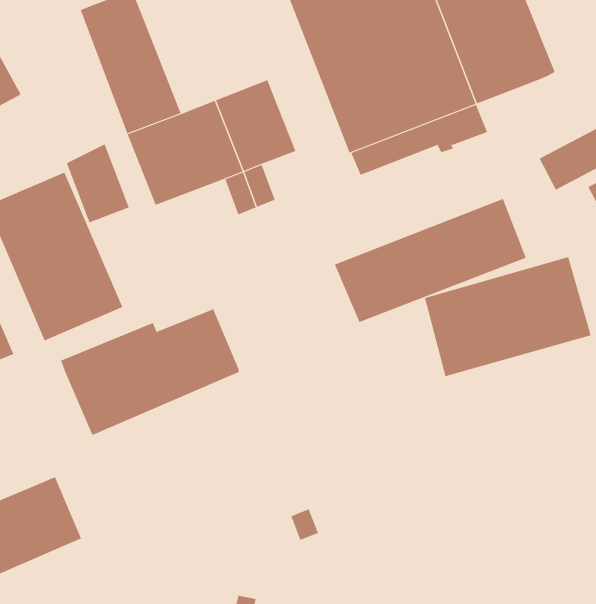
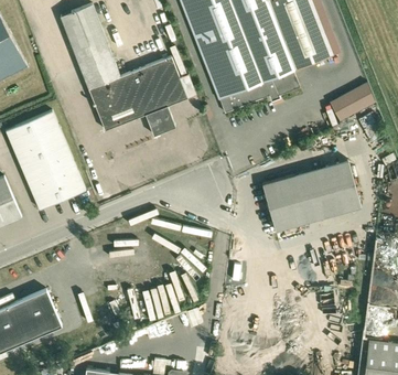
building: [66,144,129,223] -> none
building: [334,198,526,323] -> none
building: [60,308,240,436] -> none

